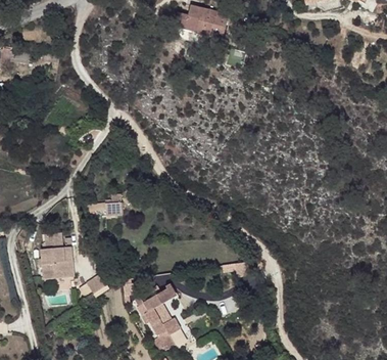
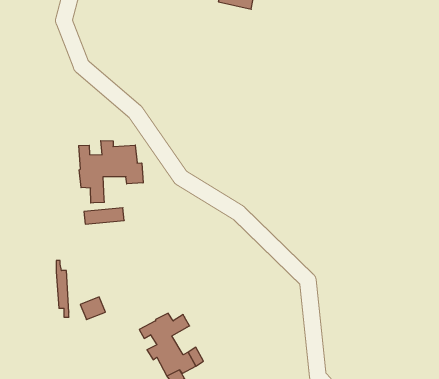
building: none -> [79,141,143,203]
building: [44,252,68,282] -> none

